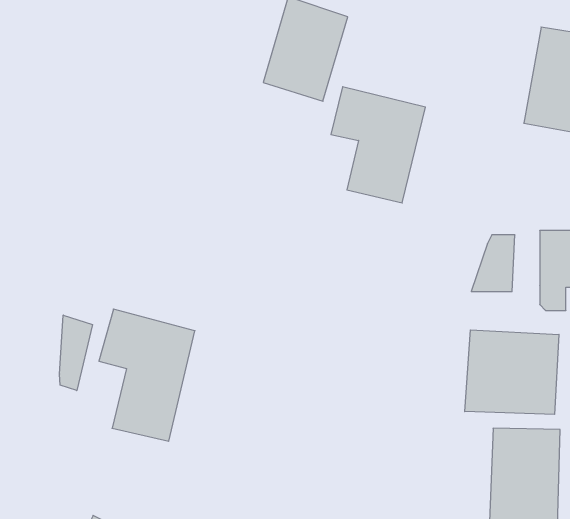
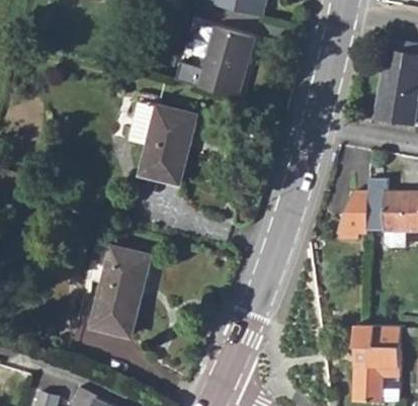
building: [331,87,425,203] -> [131,104,196,185]
building: [60,315,92,391] -> none
building: [465,330,559,414] -> none

